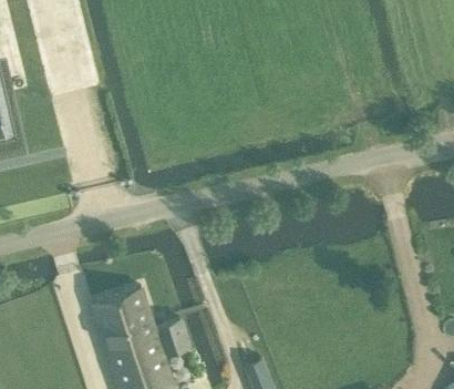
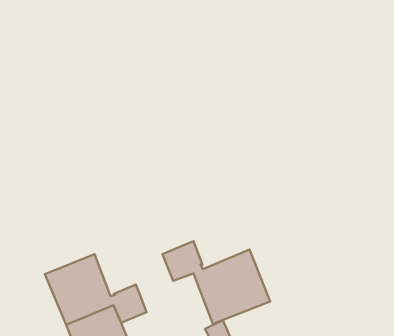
building: none -> [163,241,270,324]

